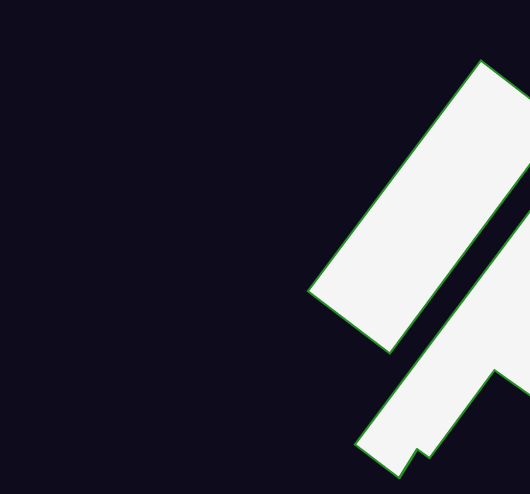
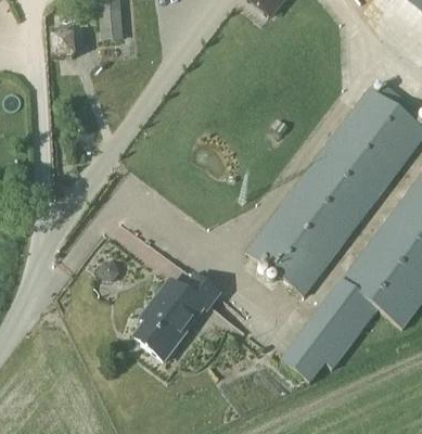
building: none -> [136,276,220,358]

